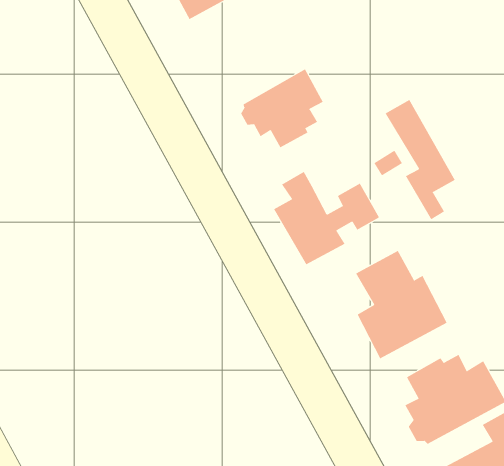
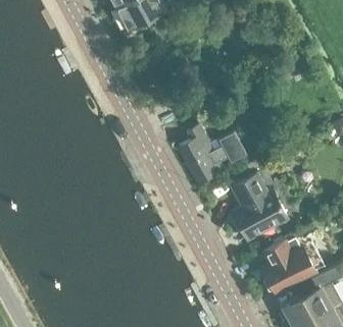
building: [240,69,324,148] -> none
building: [385,99,456,220] -> none

